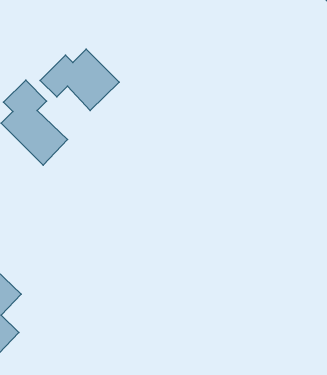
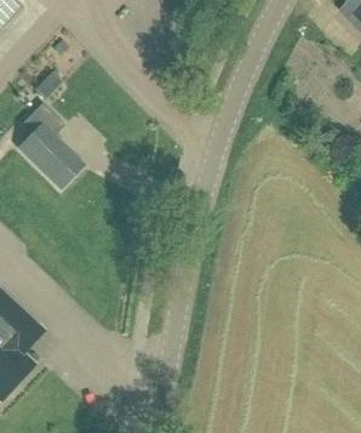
building: [40,49,119,110] -> none

